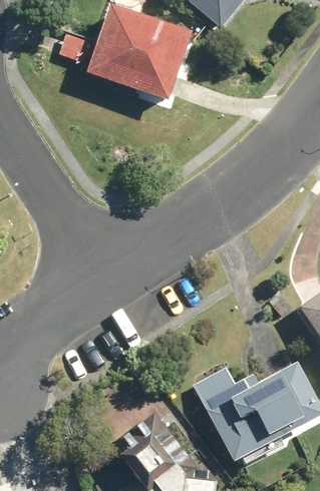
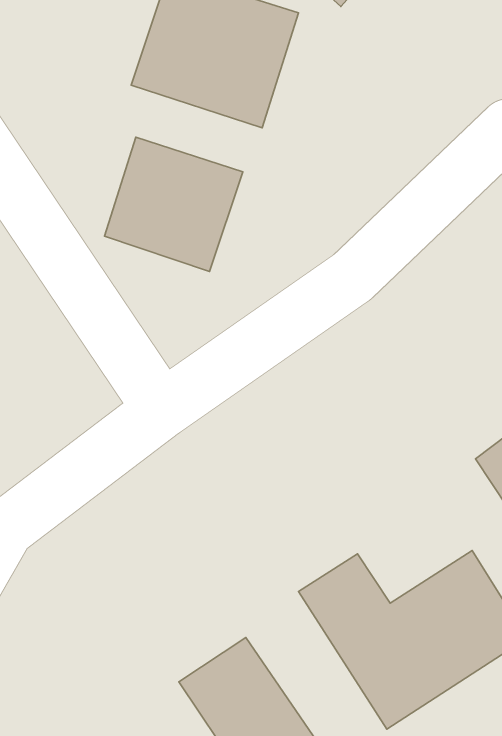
building: none -> [104,137,243,271]

